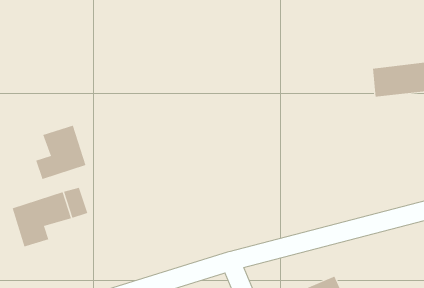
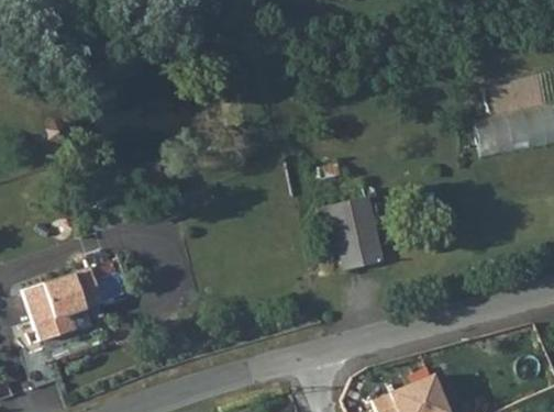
building: [35,125,86,180] -> none
building: none -> [323,199,387,271]

